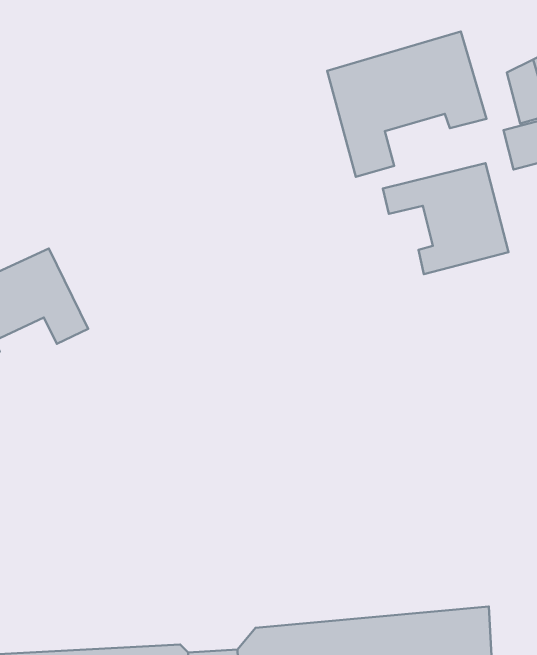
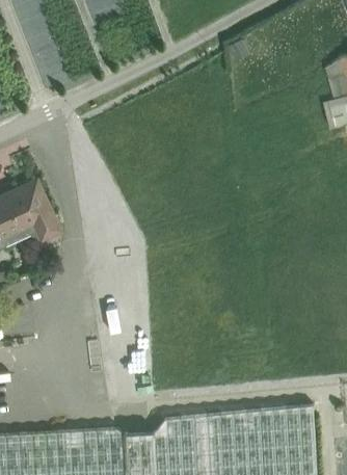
building: [327,32,486,177] -> none
building: [383,163,509,274] -> none

